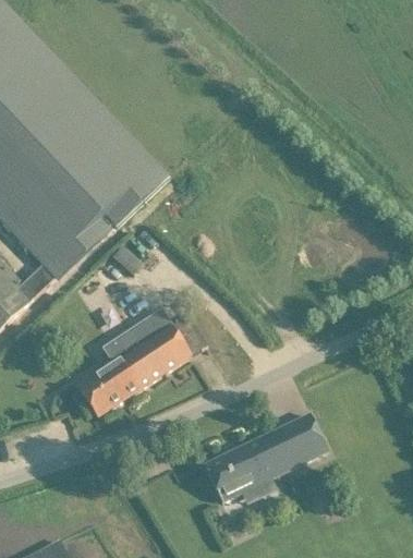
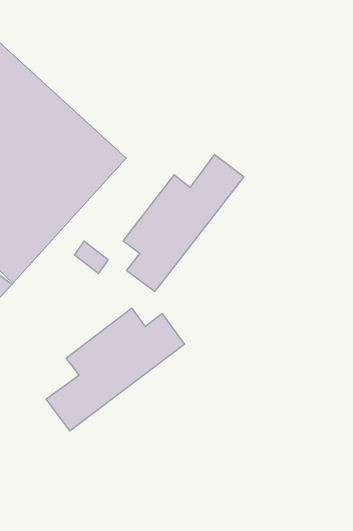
building: none -> [123,154,244,292]
building: [202,413,325,501] -> none

